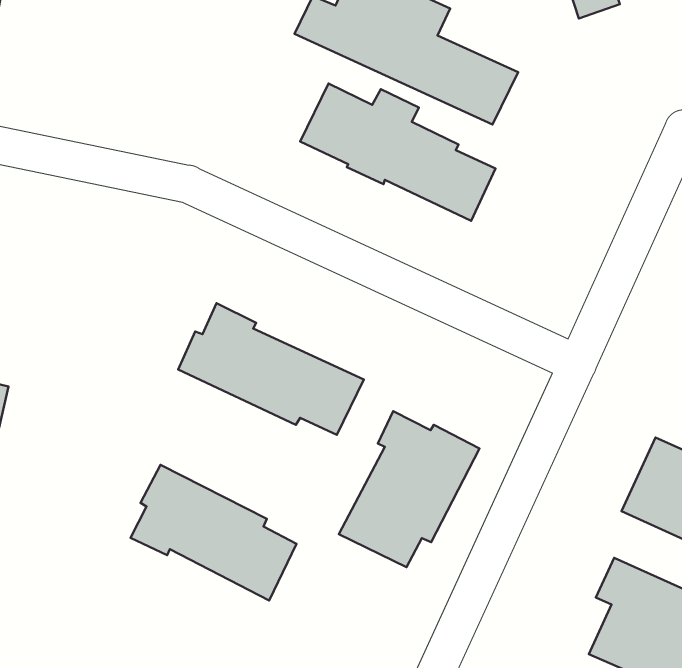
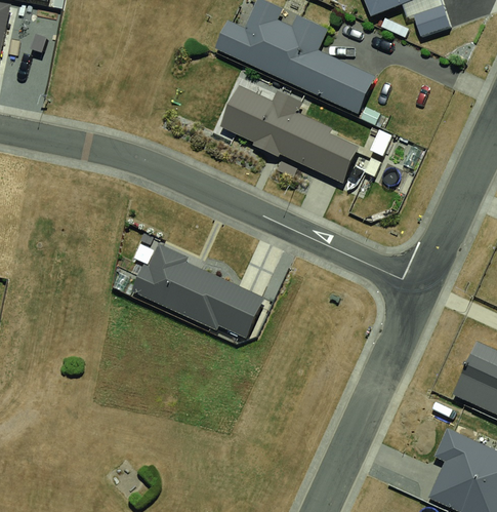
building: [339,411,479,567] -> none
building: [130,465,297,600] -> none

